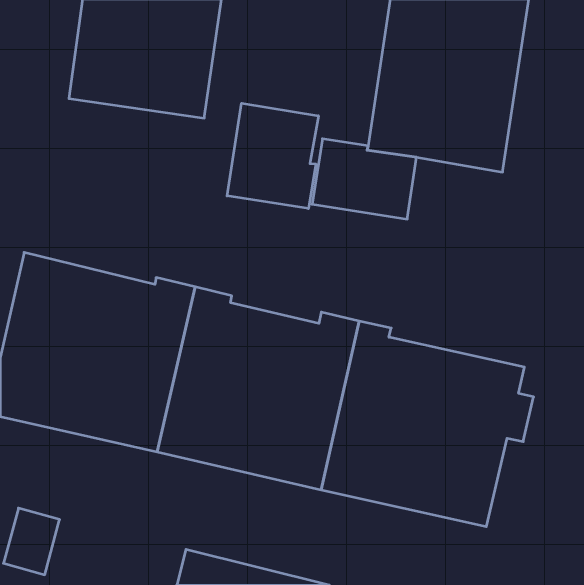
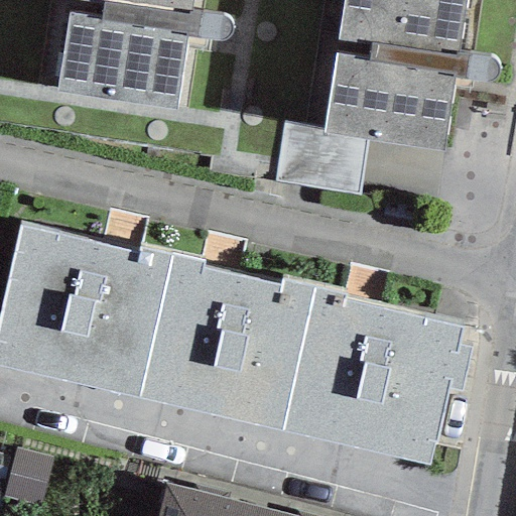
building: [227,103,318,209] -> none

